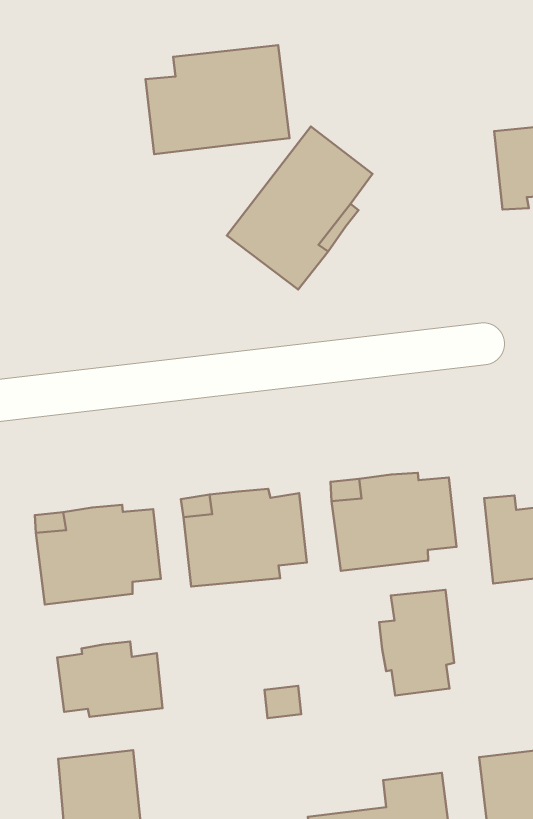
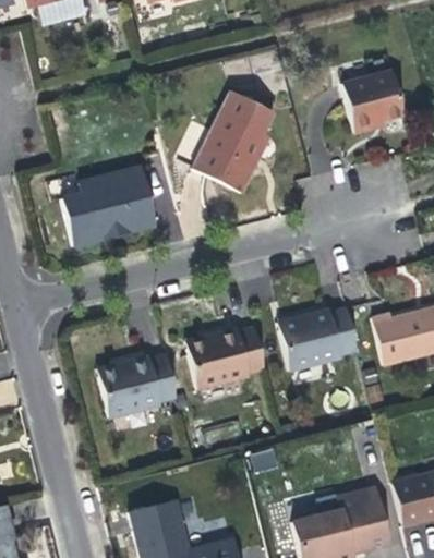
building: [145,45,290,154] -> [65,166,160,244]
building: [379,590,454,695] -> none
building: [57,642,162,717] -> none

